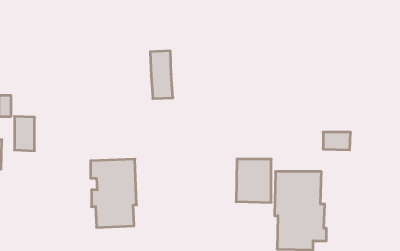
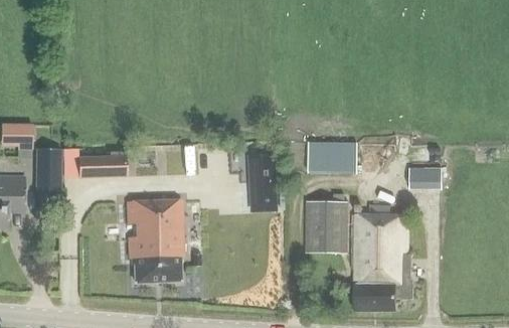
building: [150,51,173,99] -> [250,153,278,210]
building: none -> [308,141,357,173]
building: none -> [77,155,126,177]

